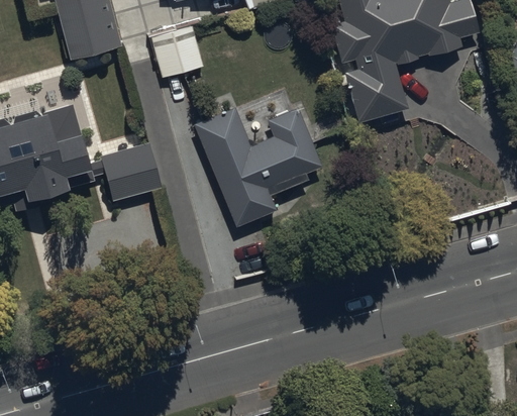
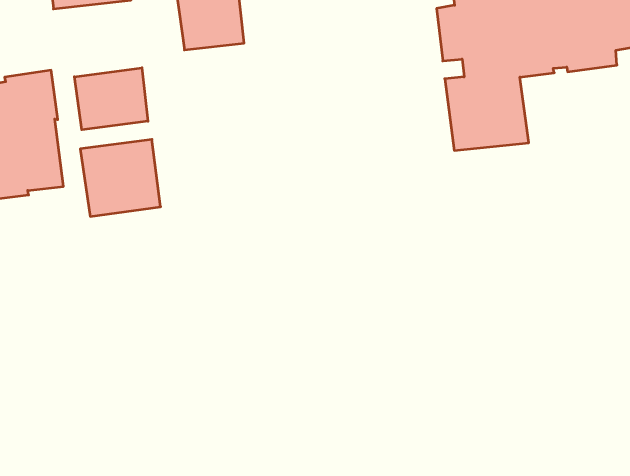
building: none -> [74,68,148,130]
building: [193,106,322,226] -> none

